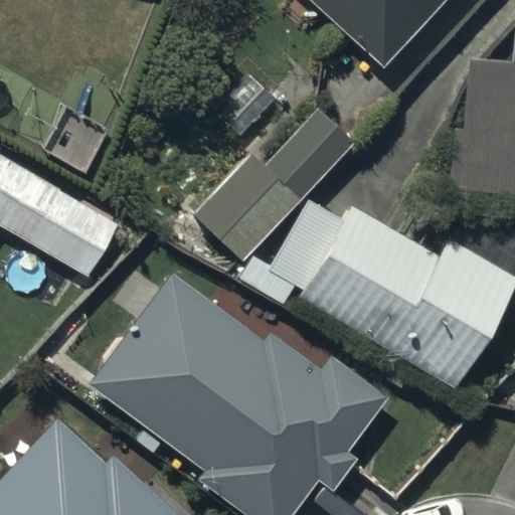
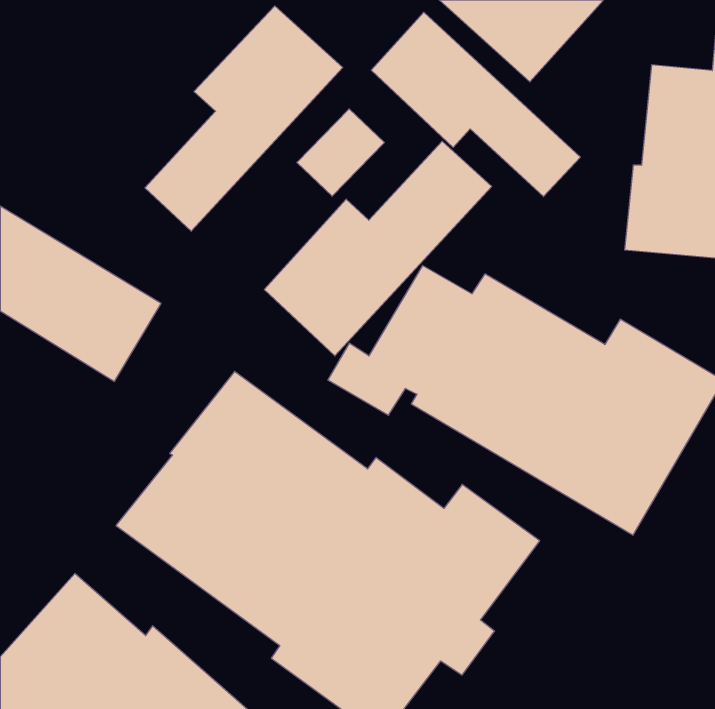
building: none -> [145,6,343,231]
building: none -> [371,12,580,197]

